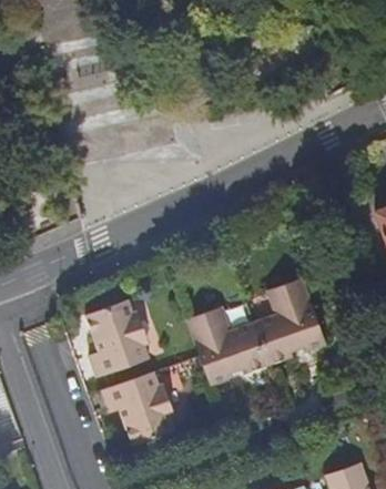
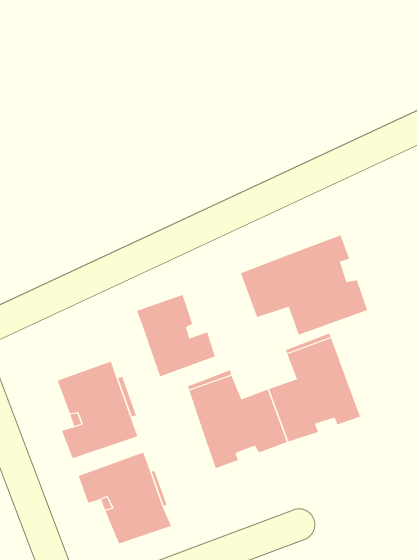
building: none -> [240,235,368,335]
building: none -> [136,294,216,377]

